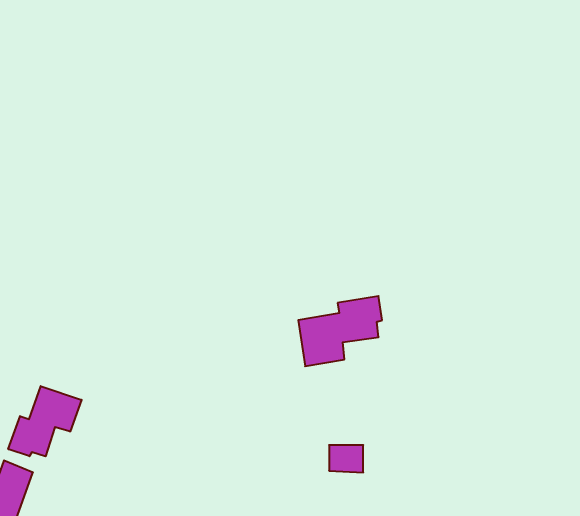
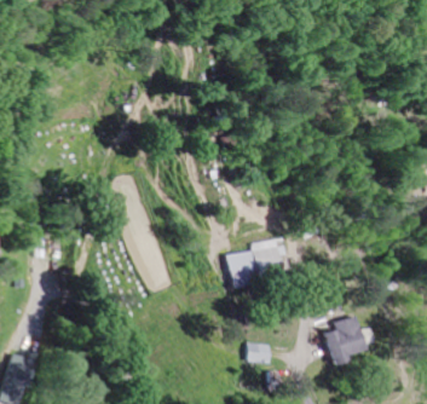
building: [8,386,82,456] -> none
building: none -> [324,317,374,365]

